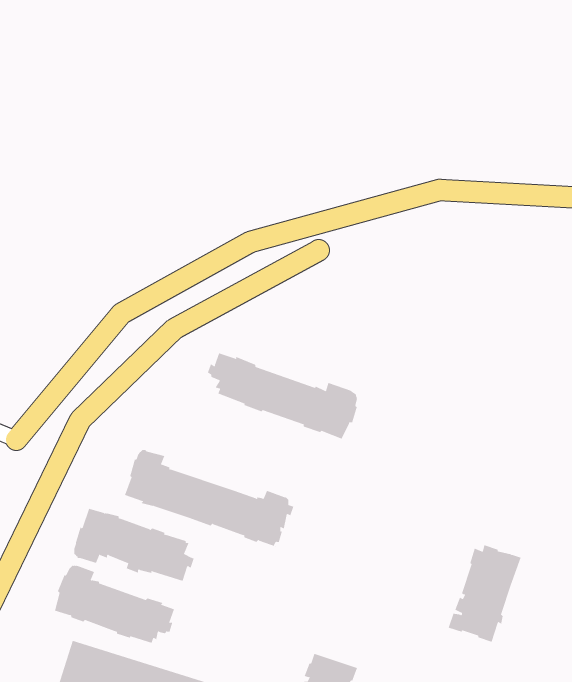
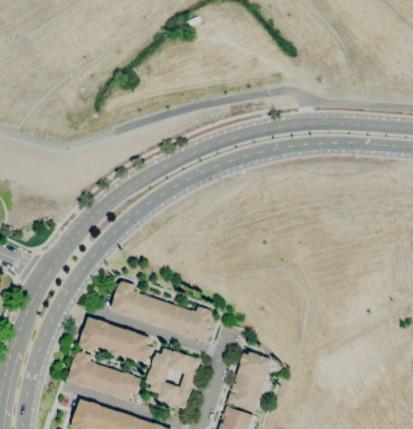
building: [207,353,358,440] -> none
building: [448,545,521,642] -> [226,351,271,411]
building: none -> [145,348,200,408]

